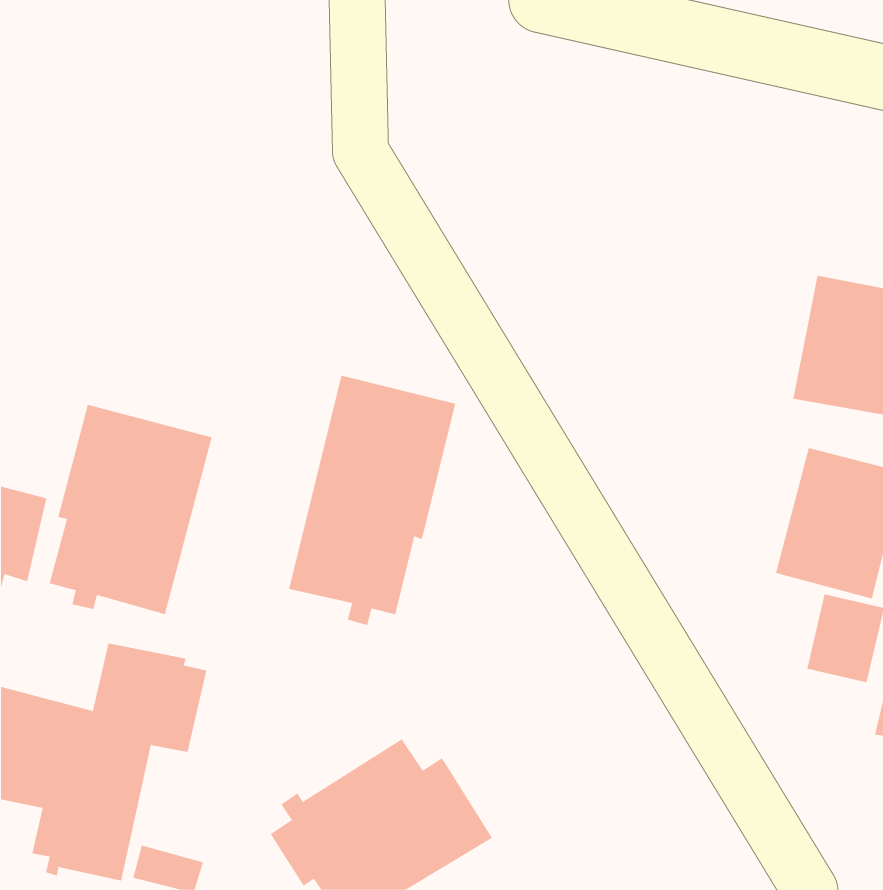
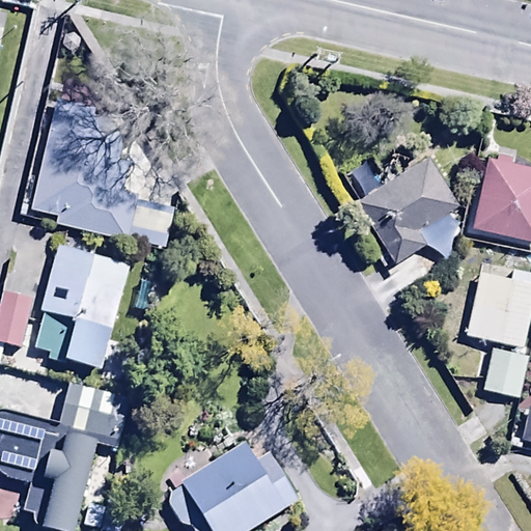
building: none -> [29,106,174,246]
building: none -> [343,160,460,275]
building: [289,375,456,626] -> none

